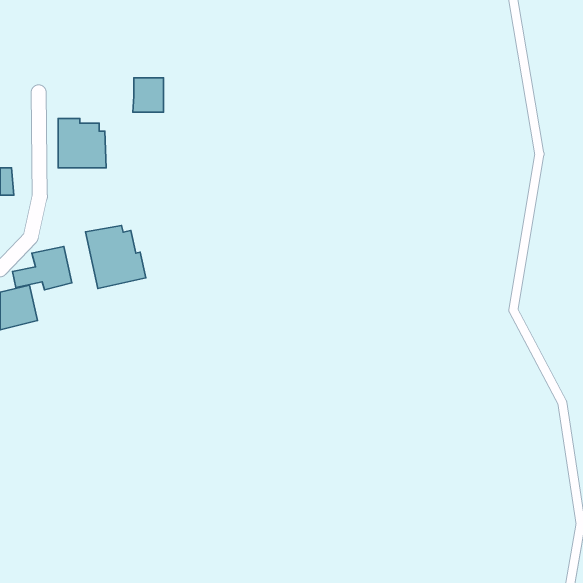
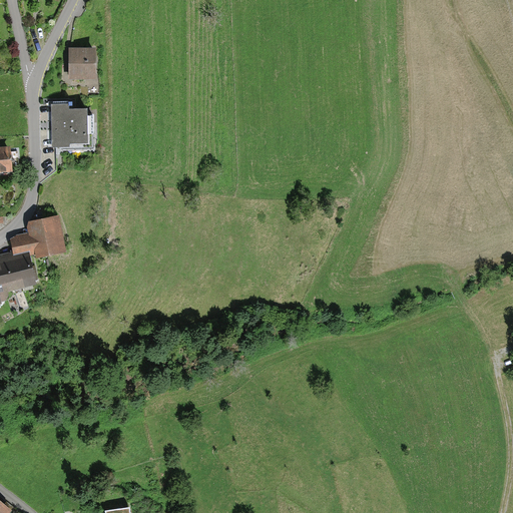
building: [133,78,164,112] -> [68,48,95,78]
building: [86,225,146,288] -> none

